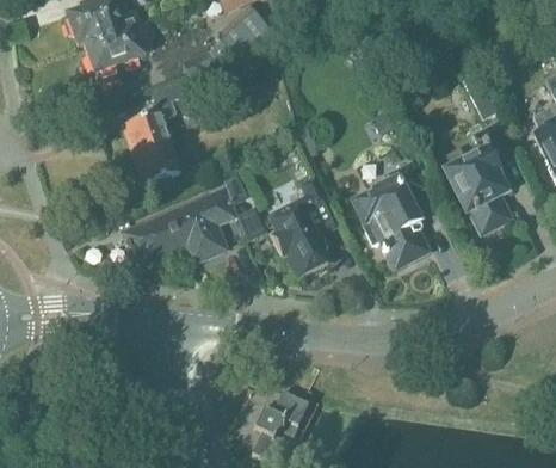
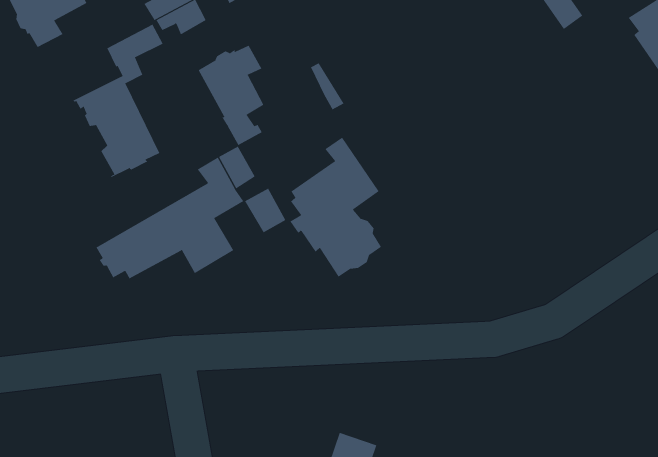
building: none -> [198,45,264,146]
building: [439,121,511,230] -> none
building: [357,159,425,259] -> none

